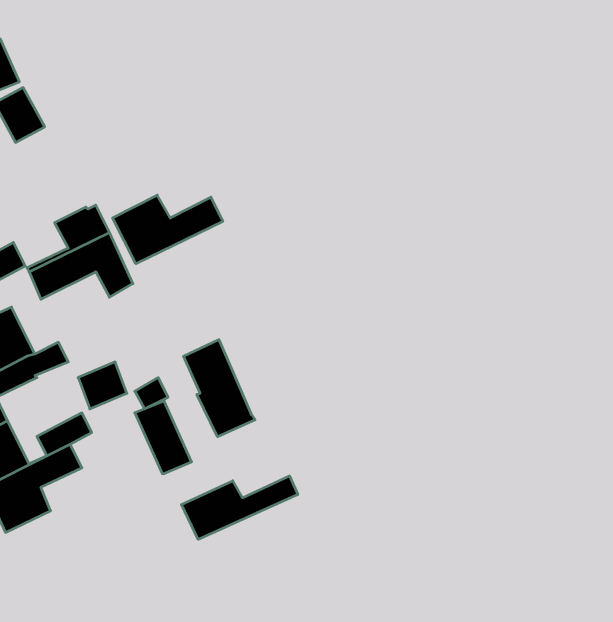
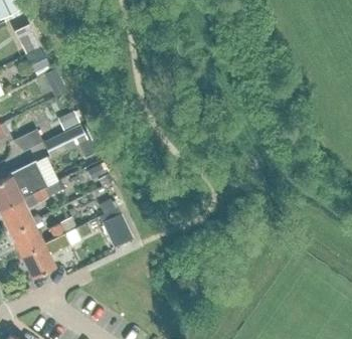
building: [113,195,223,264] -> none
building: [184,340,255,437] -> none
building: [181,476,298,539] -> none

